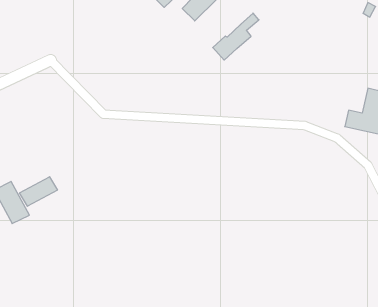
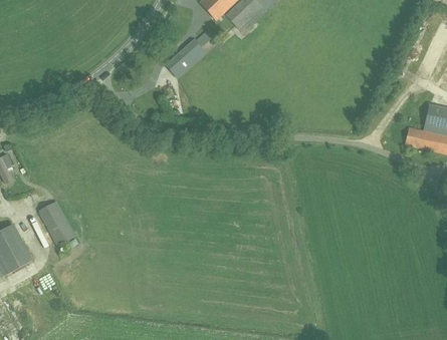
building: [213,13,259,60] -> [166,28,214,77]
building: [20,177,57,206] -> none

